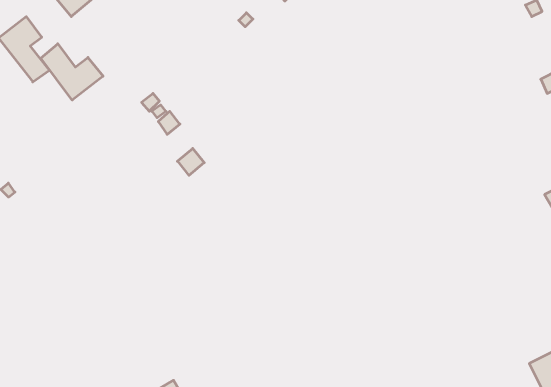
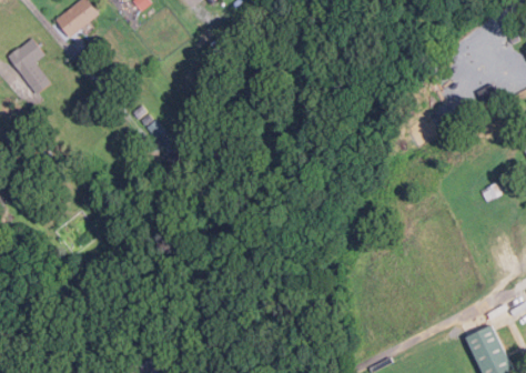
building: [41,44,103,100] -> none

